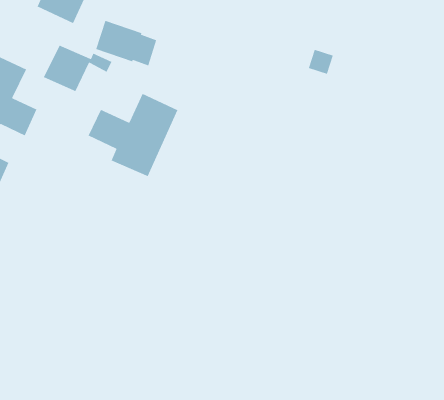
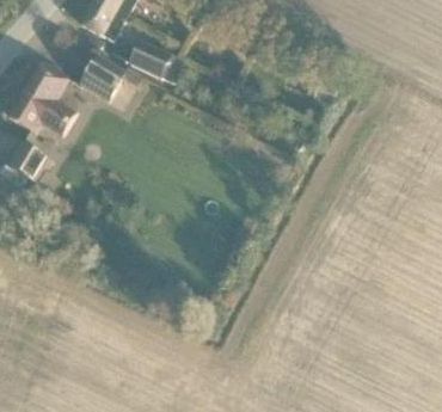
building: [87,93,179,177] -> none

